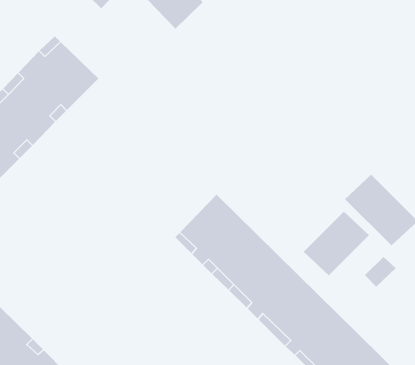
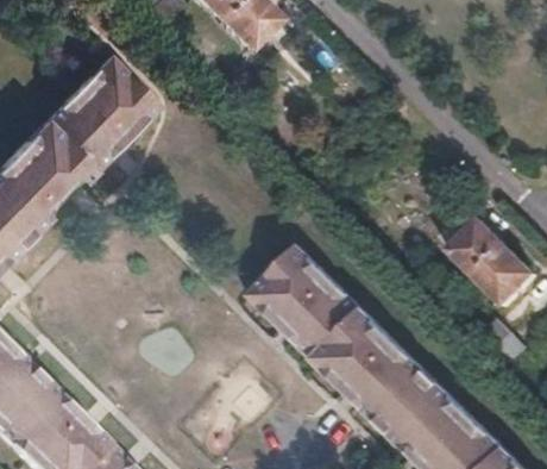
building: [303,211,370,276] -> none

